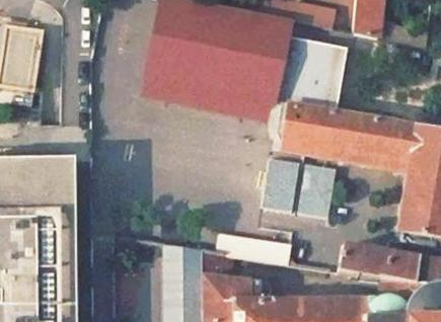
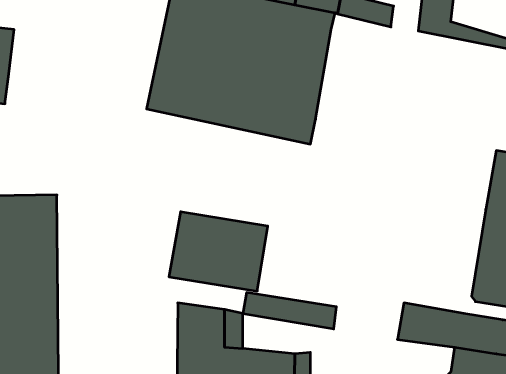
building: [274,30,342,156] -> none
building: [328,107,415,170] -> none
building: [258,157,335,219] -> [169,212,268,291]

